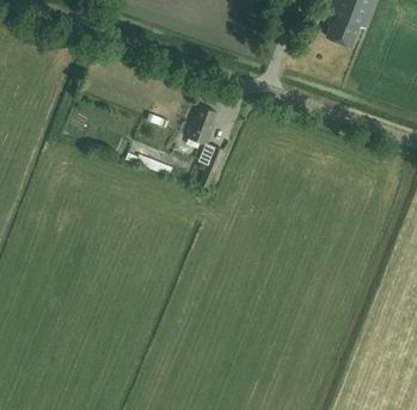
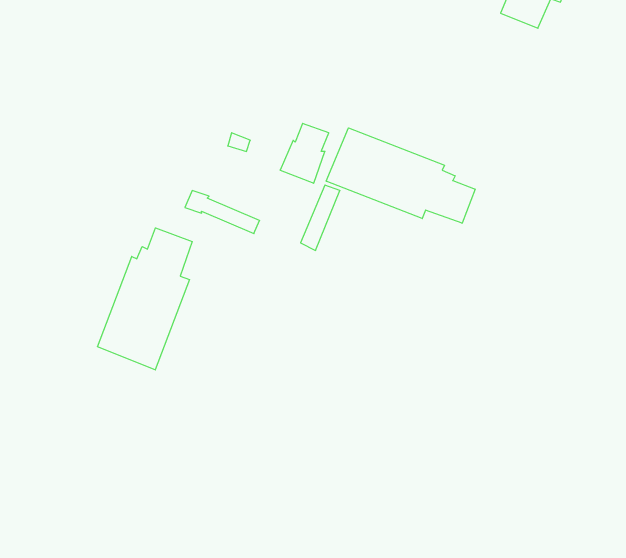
building: none -> [326,128,475,223]
building: none -> [97,228,192,370]

